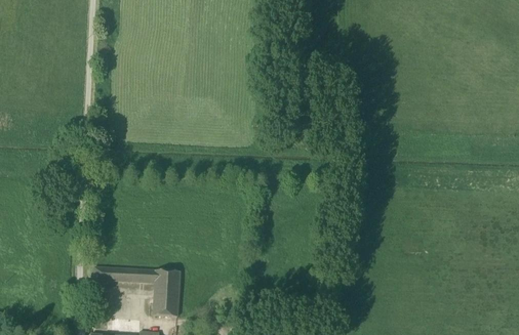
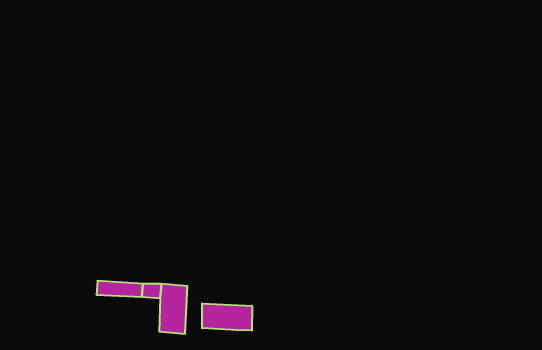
building: none -> [202,303,252,331]

